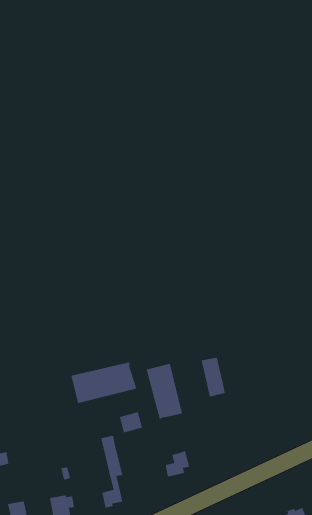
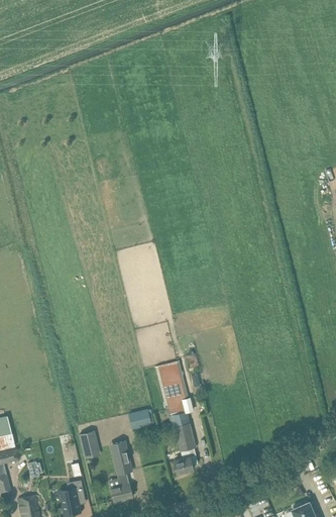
building: [201,357,226,397] -> [172,411,196,450]
building: [71,361,136,404] -> none
building: none -> [79,429,100,458]

